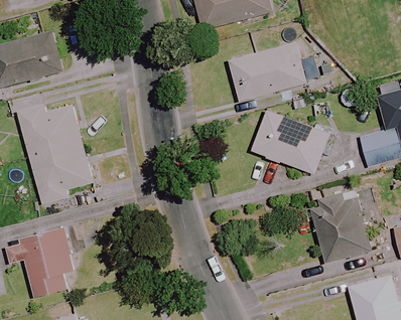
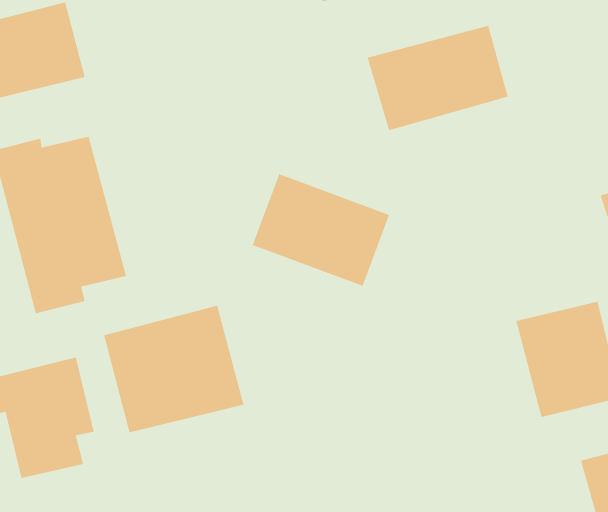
building: [251,110,328,173] -> [252,174,390,286]
building: none -> [104,305,244,433]

